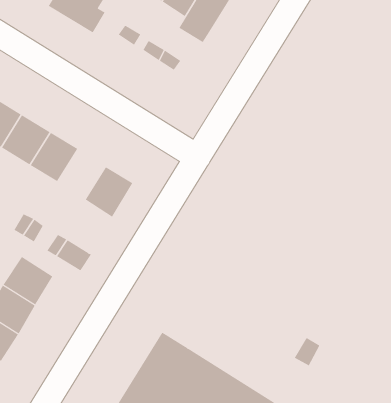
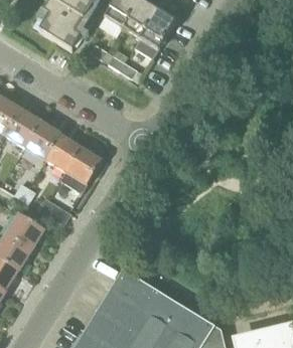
building: none -> [45,135,81,172]

